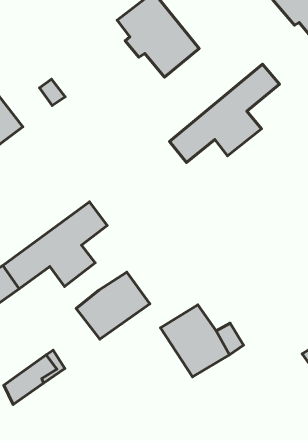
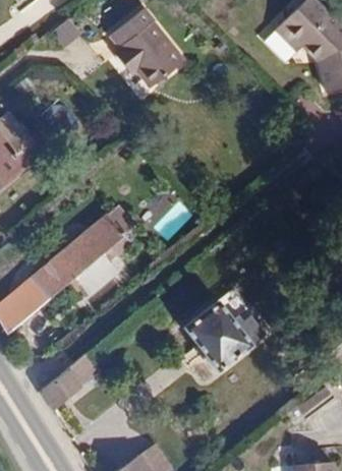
building: [170,64,280,163] -> none
building: [76,272,150,339] -> none

